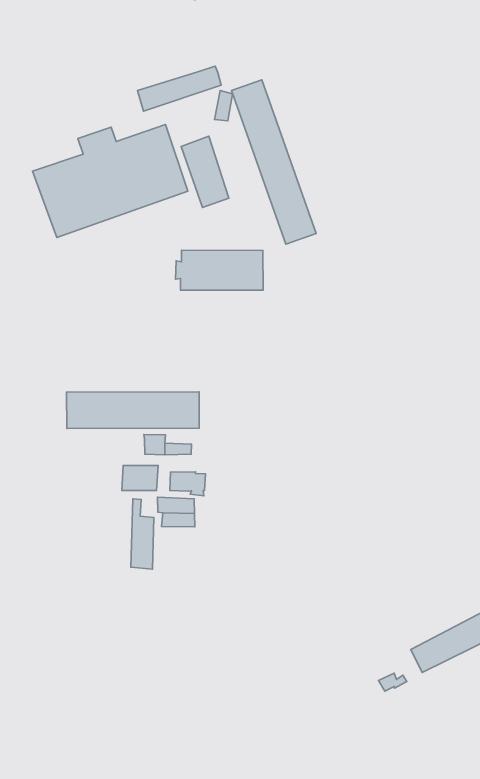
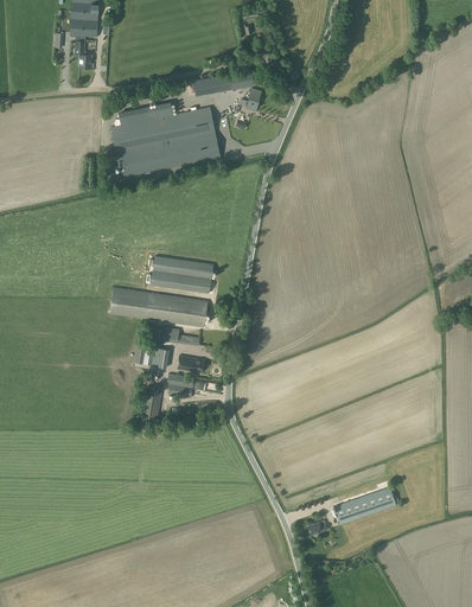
building: [232,80,316,244] -> none
building: [181,136,229,207] -> none
building: [176,250,263,290] -> [147,255,212,292]

